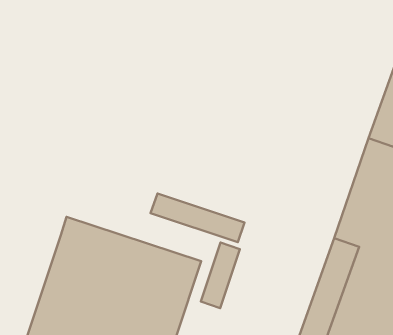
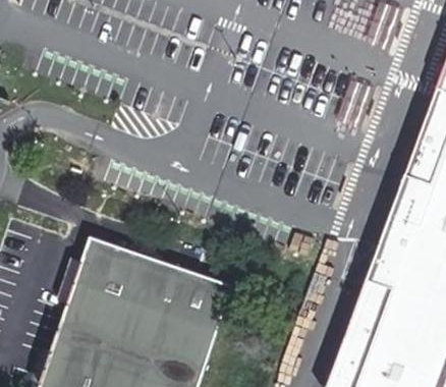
building: [151,194,245,242] -> none
building: [201,243,240,308] -> none

